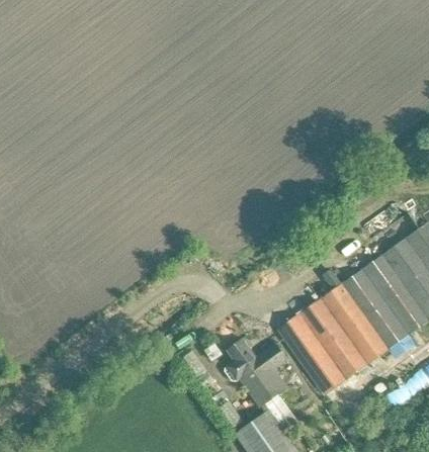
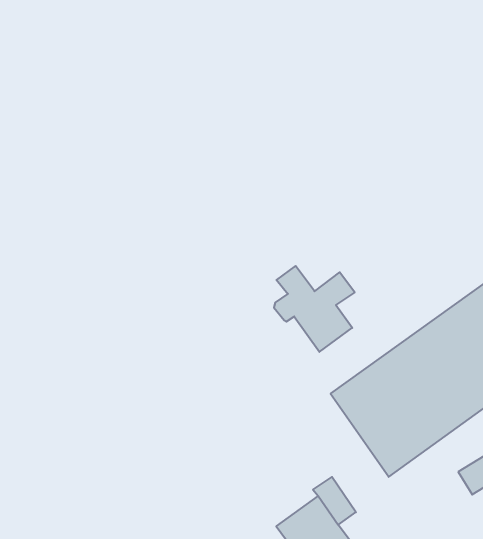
building: [224,338,288,406] -> [274,266,355,352]

